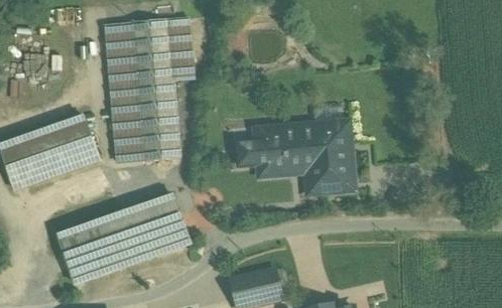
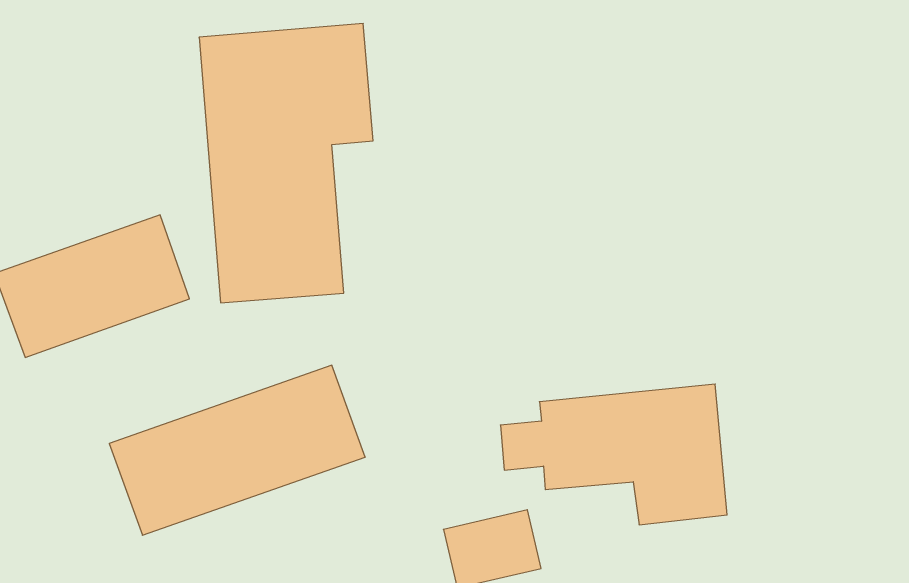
building: [236,120,353,192] -> [500,384,727,525]

